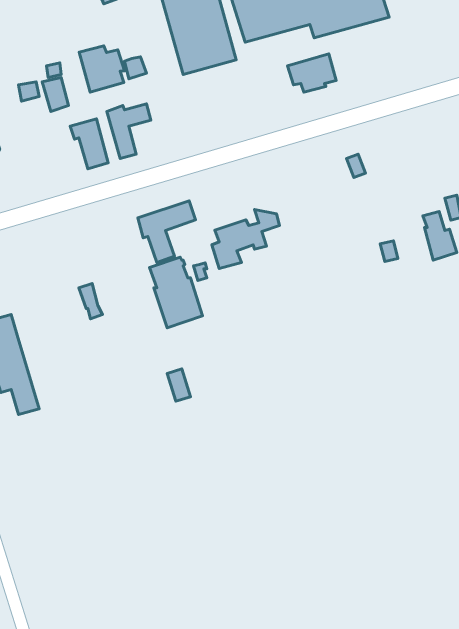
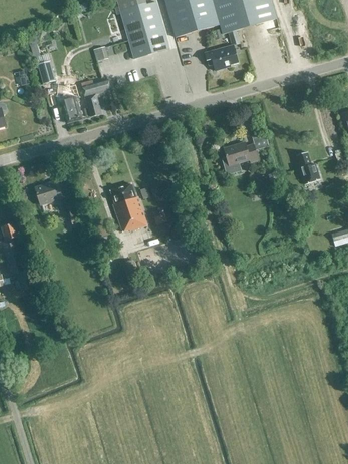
building: [79,46,124,92] -> none
building: [138,201,196,262] -> none
building: [212,209,280,268] -> [222,134,268,174]
building: none -> [35,180,62,204]

